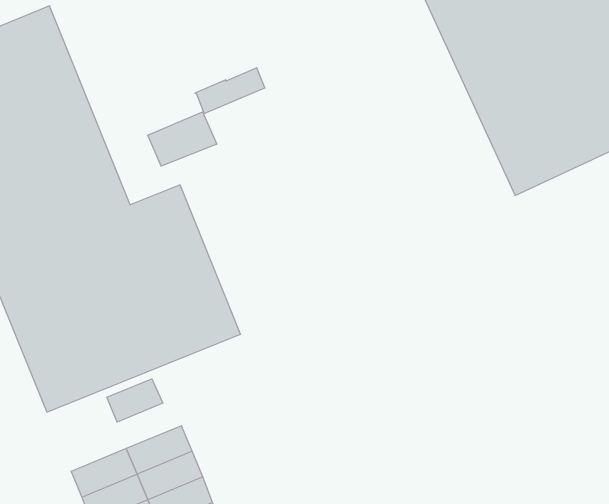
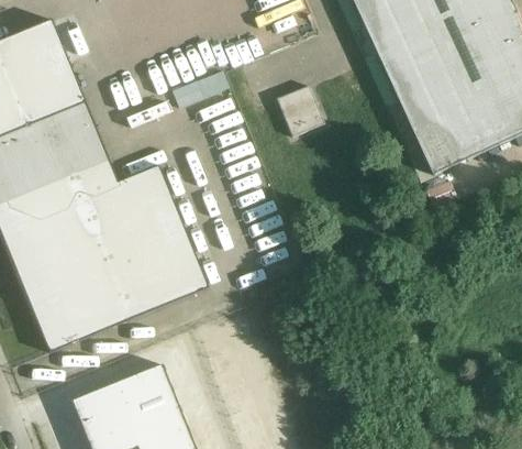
building: none -> [276,85,323,135]
building: [148,112,217,166] -> none
building: [107,379,163,422] -> none

